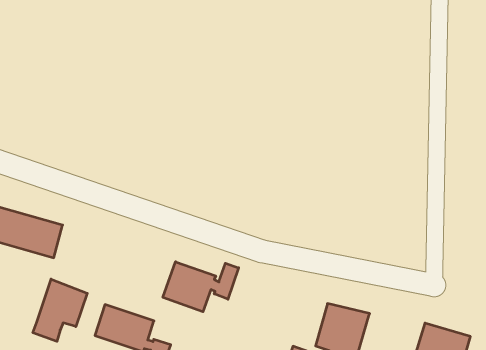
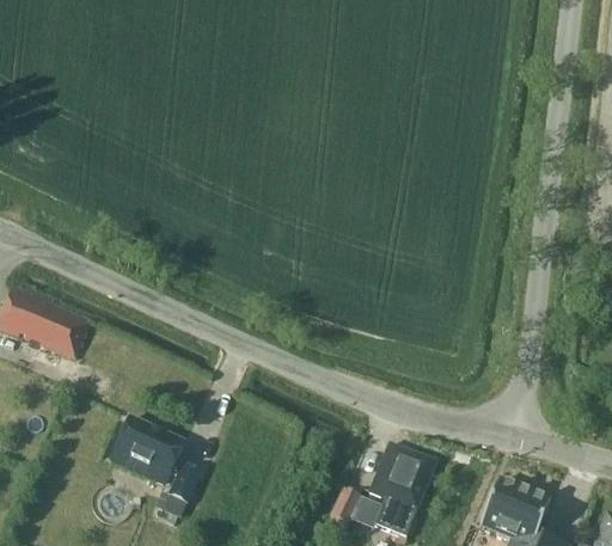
building: [163,262,239,312] -> none
building: [33,279,87,341] -> none

